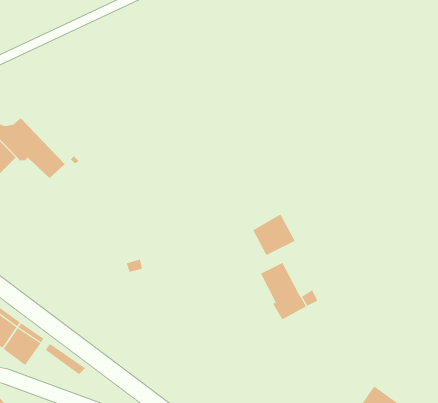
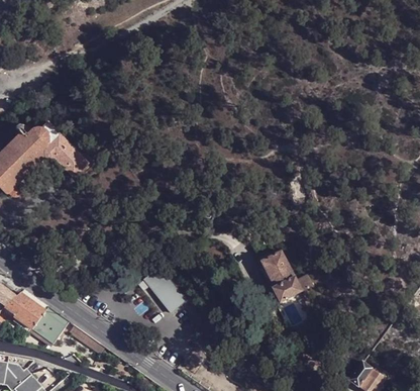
building: [252,213,295,256] -> none
building: none -> [143,268,185,313]

